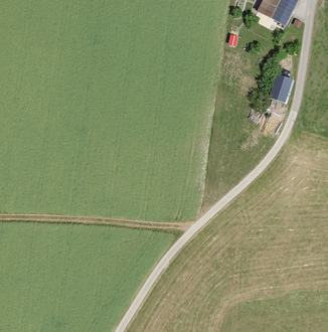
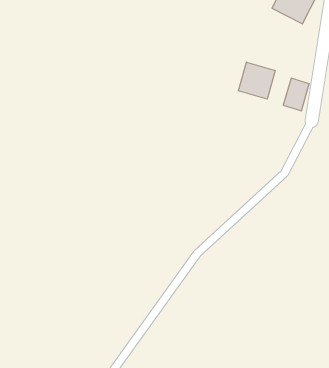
building: none -> [239,62,275,99]

